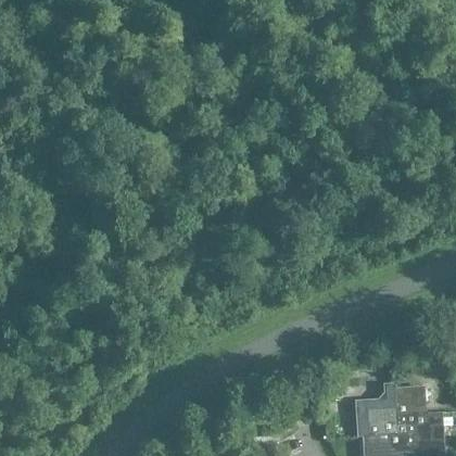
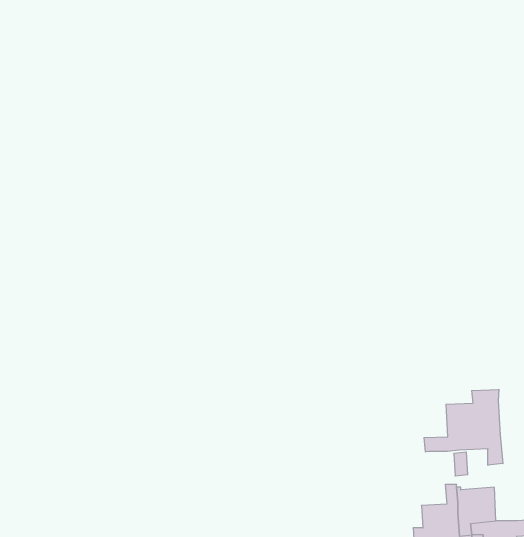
building: none -> [424,389,503,465]

